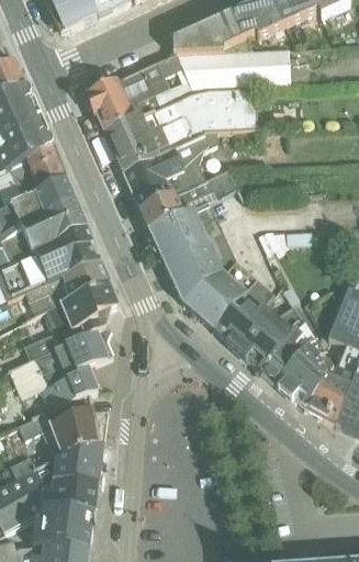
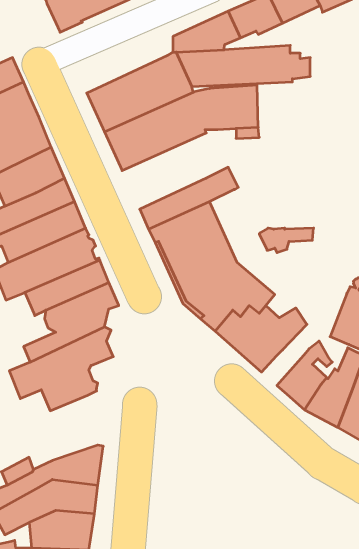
building: [123,132,217,211] -> none
building: [261,325,318,385] -> none
building: [20,395,99,460] -> none

